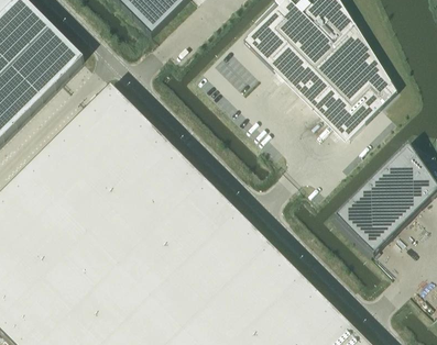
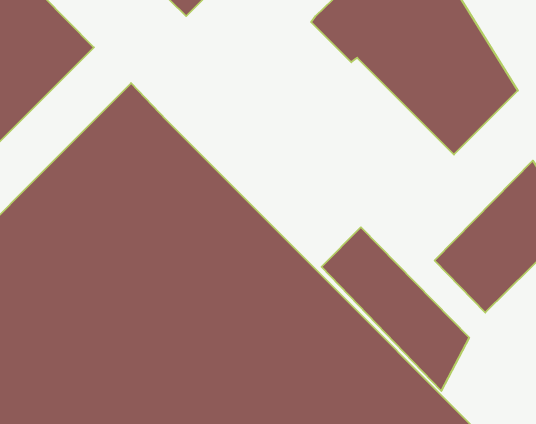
building: none -> [322,227,469,391]

